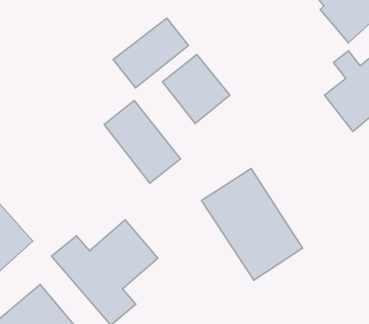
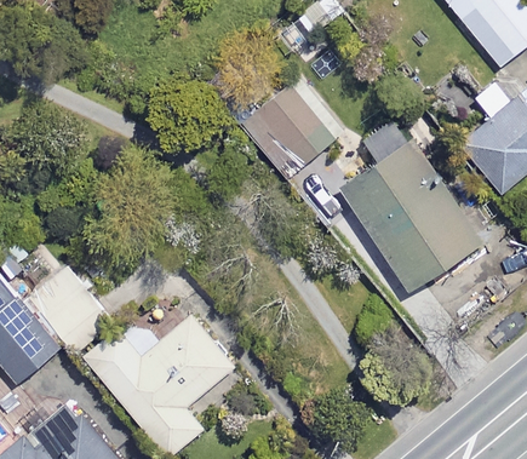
building: [113,18,189,88] -> none
building: [104,101,181,183] -> none
building: [202,169,303,280] -> [340,137,479,289]

